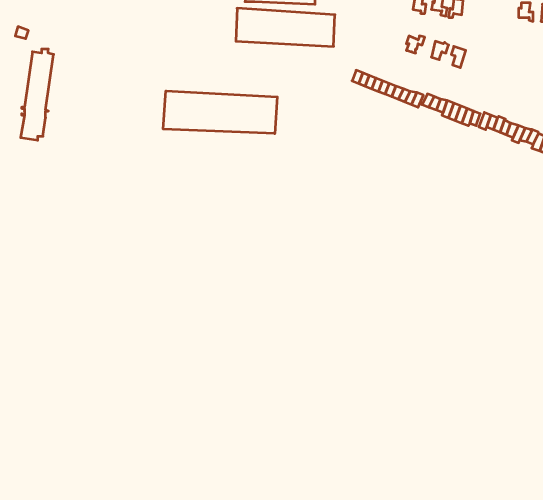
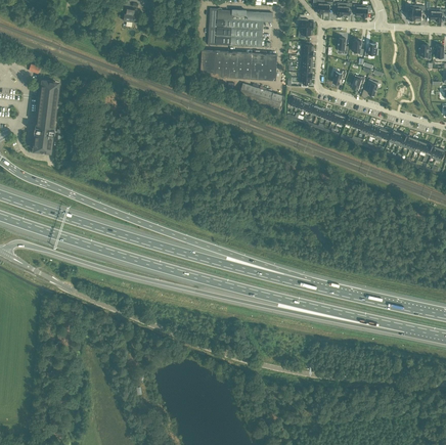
building: [163,91,277,134] -> none

